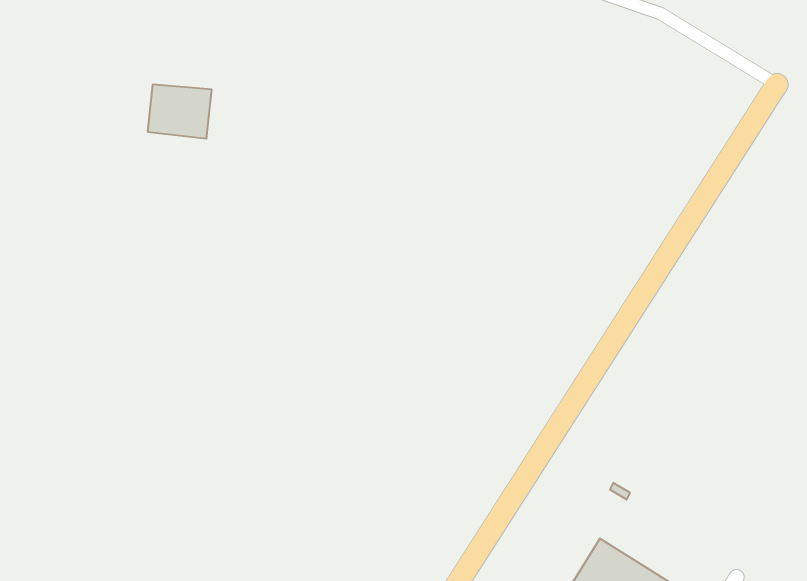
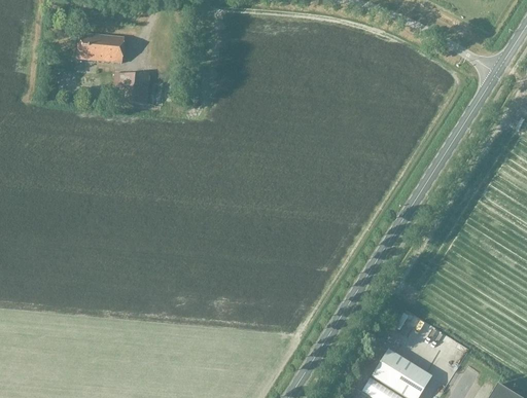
building: none -> [80,33,126,62]

